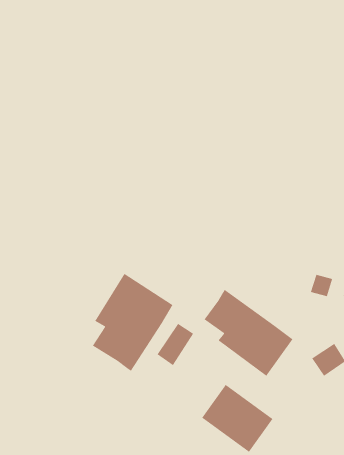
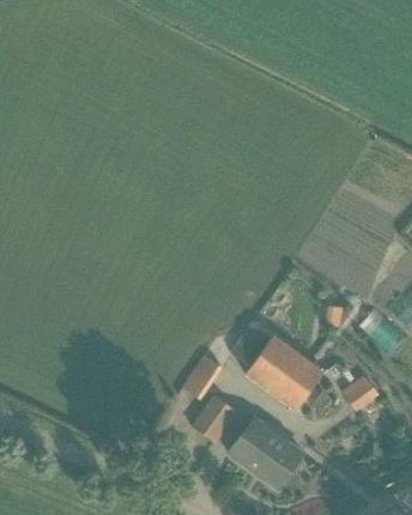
building: [92,273,174,372] -> none
building: none -> [192,395,237,443]

